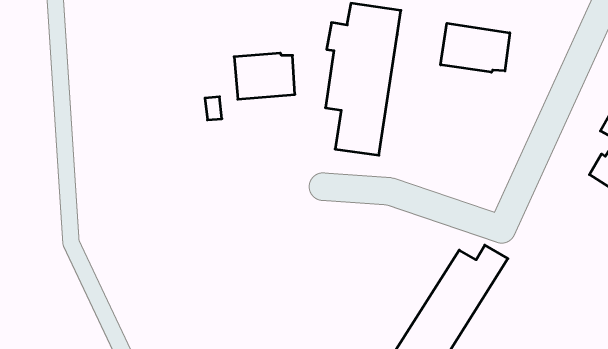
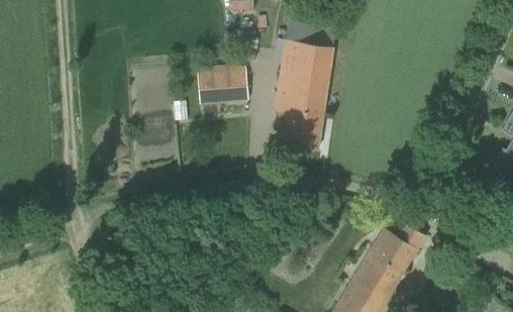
building: [441,23,510,72] -> none

